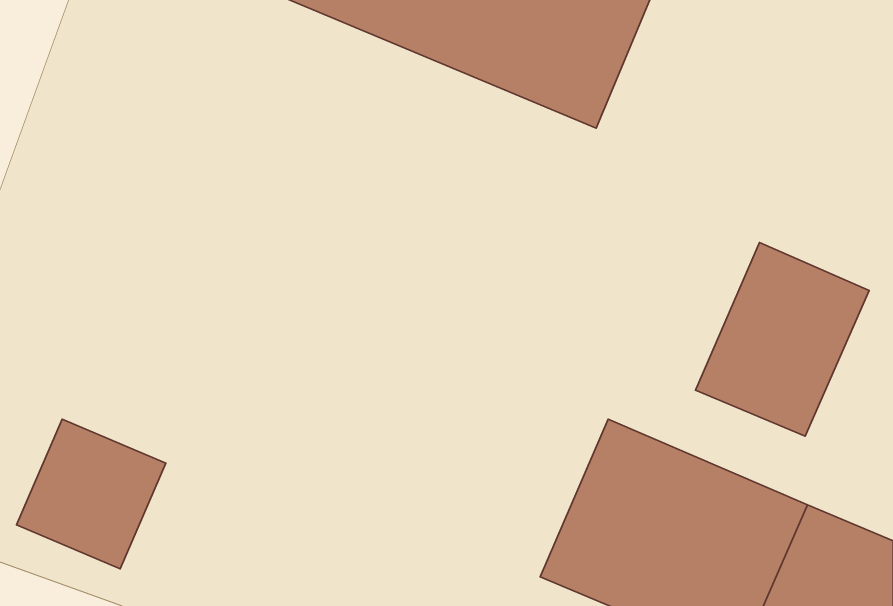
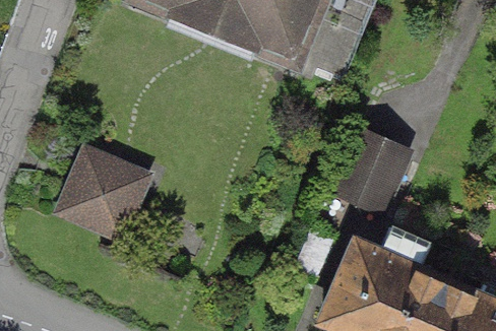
building: [696,243,869,436] -> [321,124,410,222]
building: [16,419,166,569] -> [67,161,143,238]

